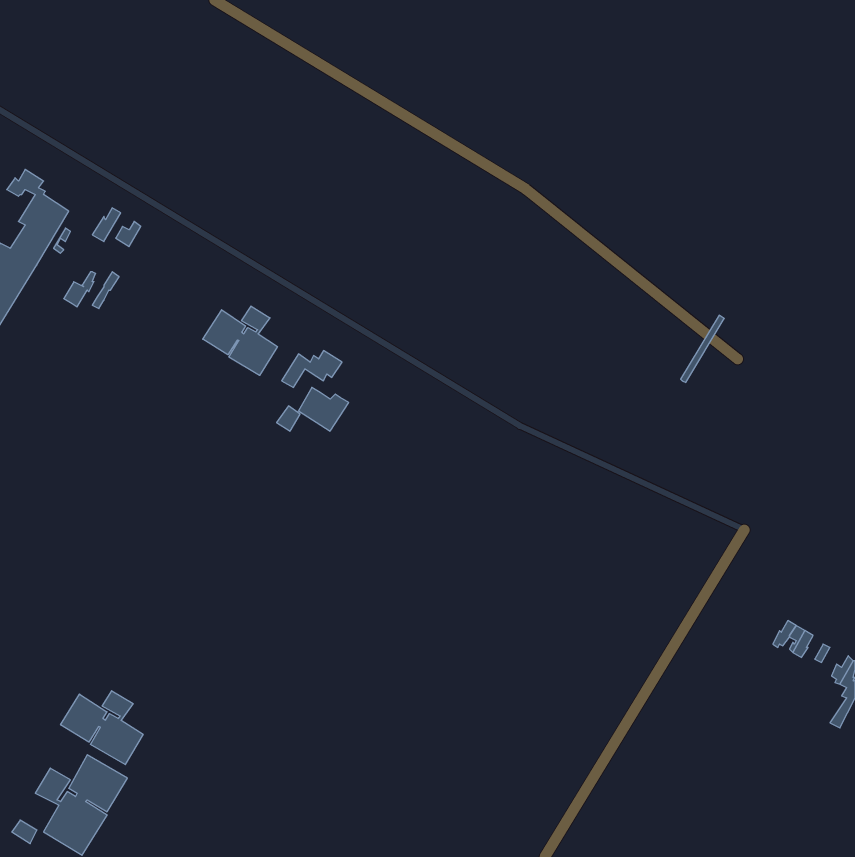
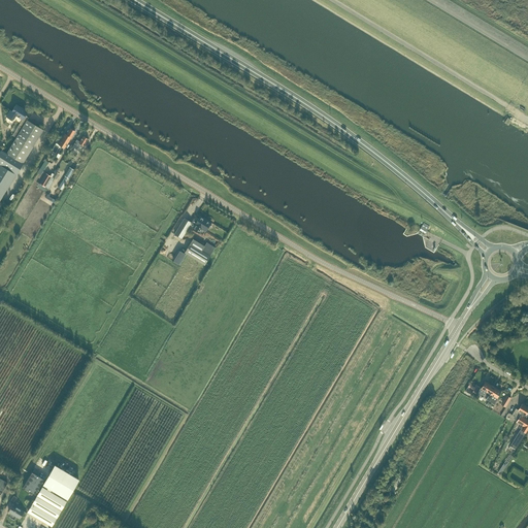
building: [203,306,277,375] -> none
building: [61,691,143,765] -> none

